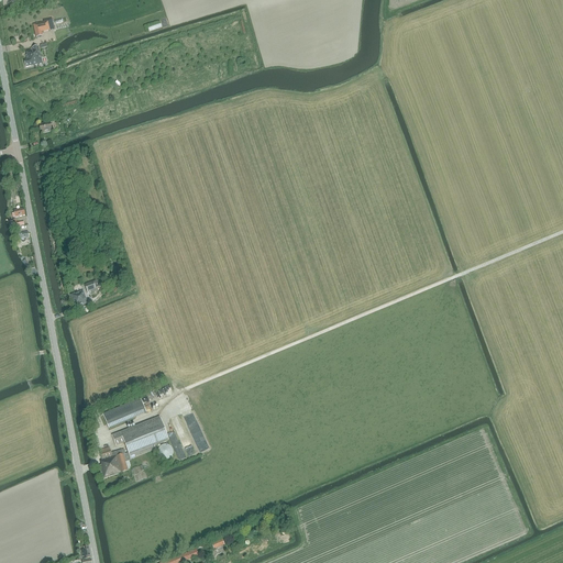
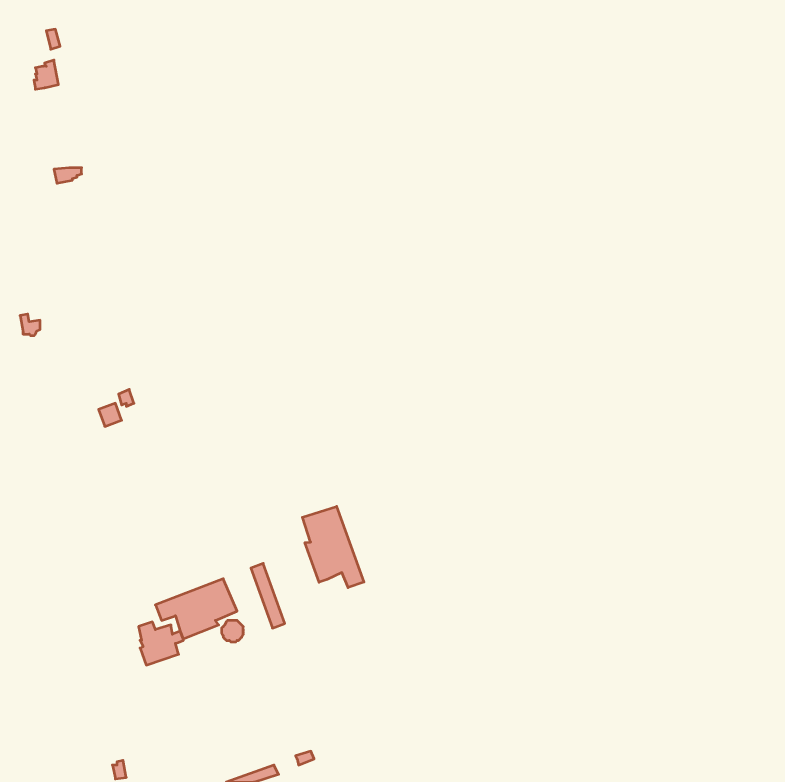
building: none -> [302,506,364,588]
building: [104,396,147,426] -> none

